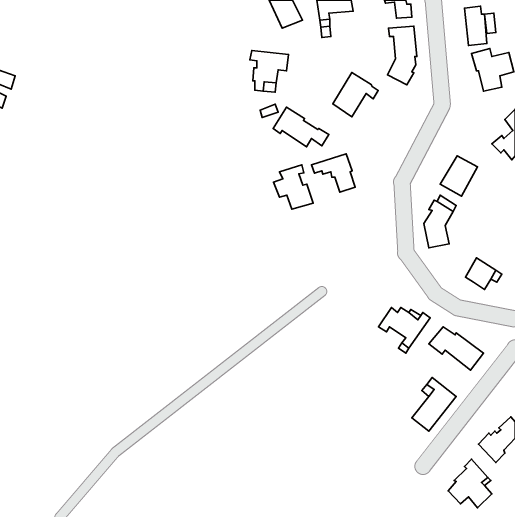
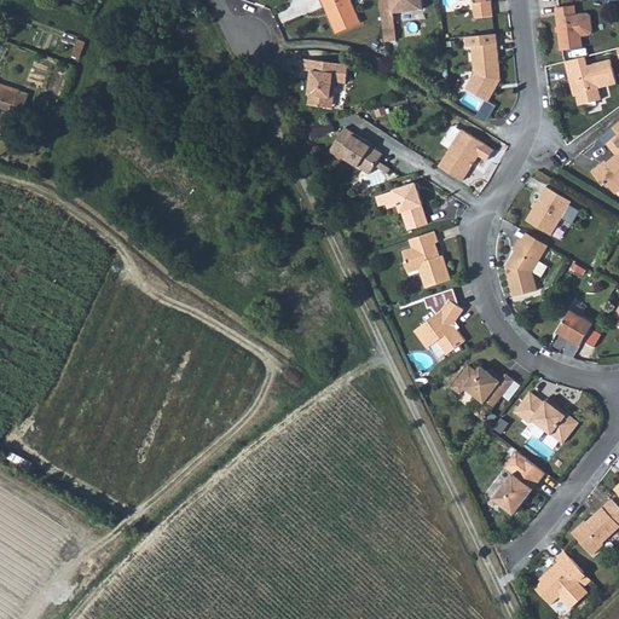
building: [333,72,378,117] -> [436,128,491,181]
building: [274,165,313,209] -> [400,232,447,285]
building: none -> [413,291,464,355]

